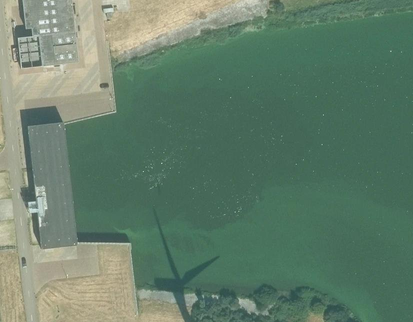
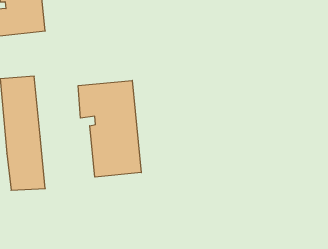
building: none -> [78,80,141,177]

